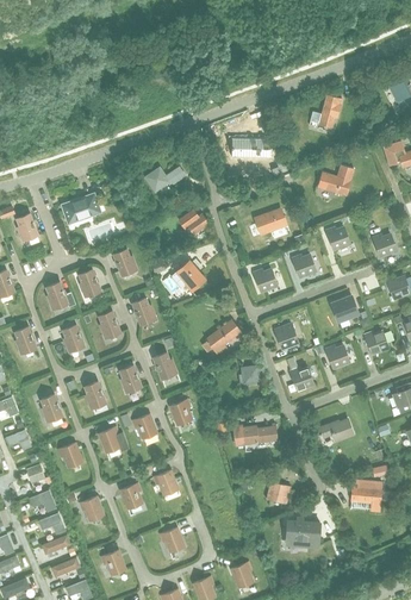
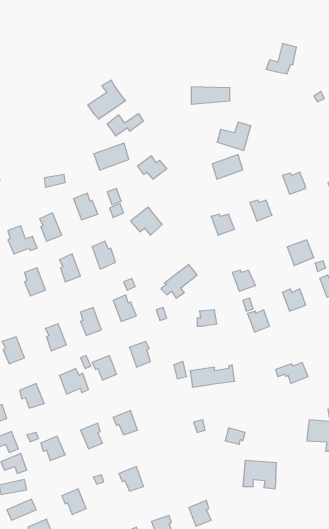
building: none -> [88,80,125,119]
building: [318,165,353,194] -> [217,122,251,150]
building: [62,194,98,221] -> [94,143,129,170]

